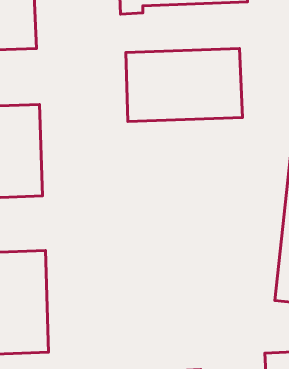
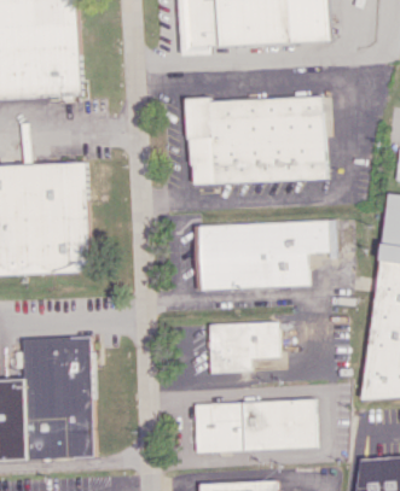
building: none -> [191,221,334,290]
building: none -> [208,322,277,373]
building: none -> [195,399,315,452]

